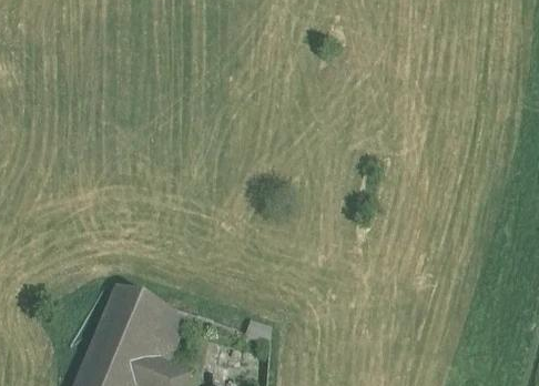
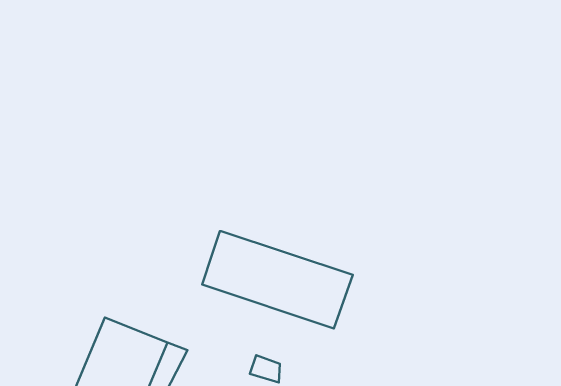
building: none -> [202,231,353,329]

